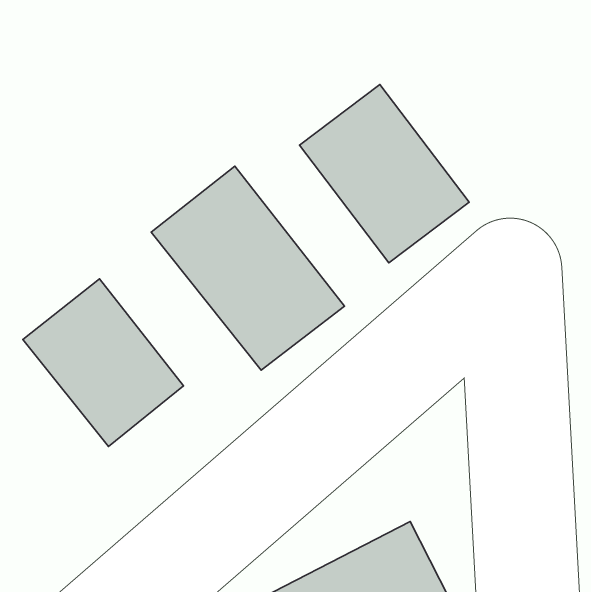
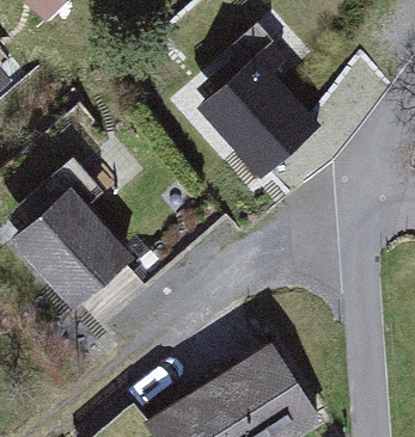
building: [151,166,344,370] -> none

